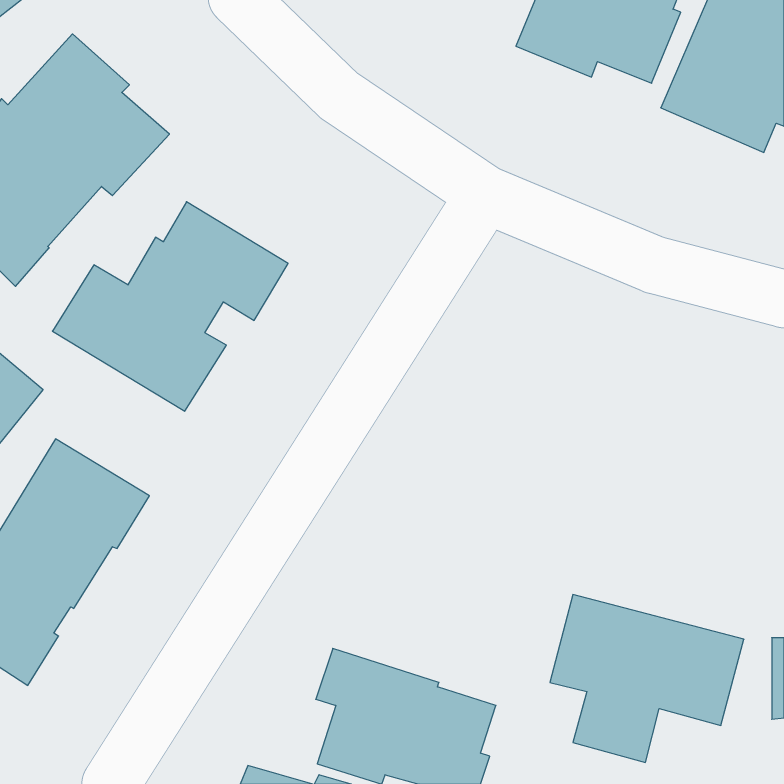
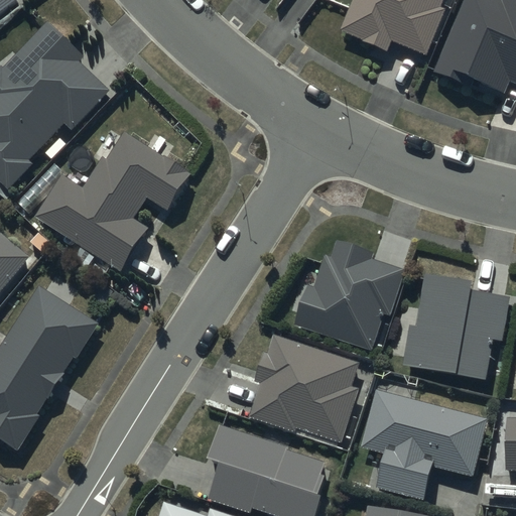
building: none -> [293,241,402,349]
building: none -> [404,274,507,377]
building: none -> [248,334,359,442]

